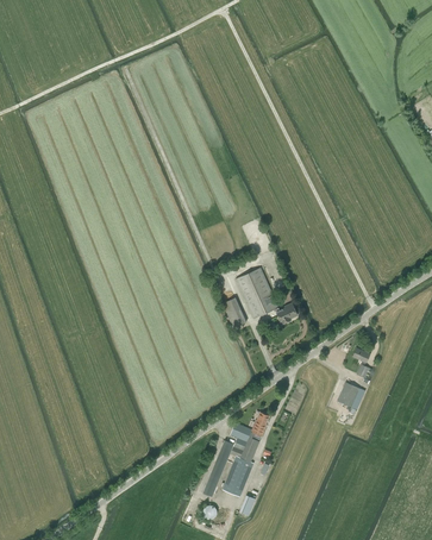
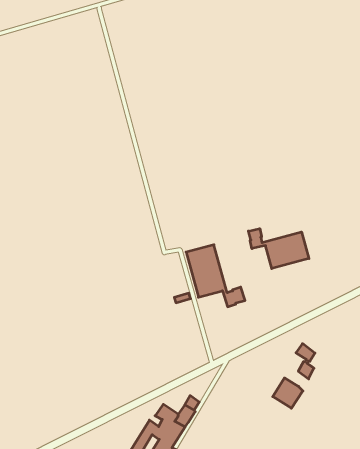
building: none -> [248,229,309,269]

